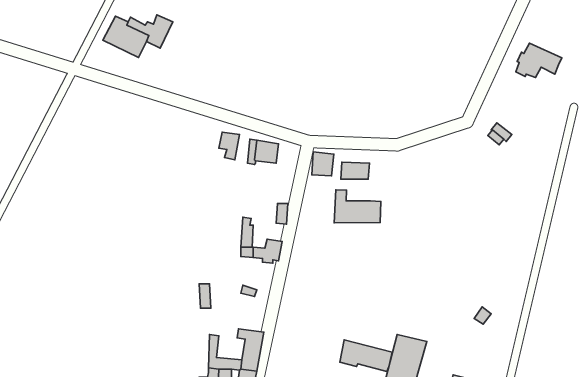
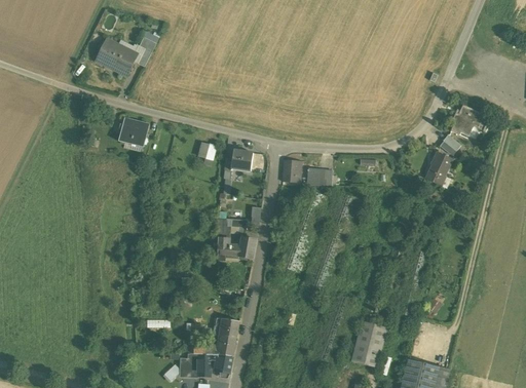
building: [516,43,562,77] -> [450,104,491,134]
building: none -> [117,118,149,147]
building: none -> [425,151,451,185]
building: [334,190,381,223] -> none
building: [340,340,392,372] -> none

